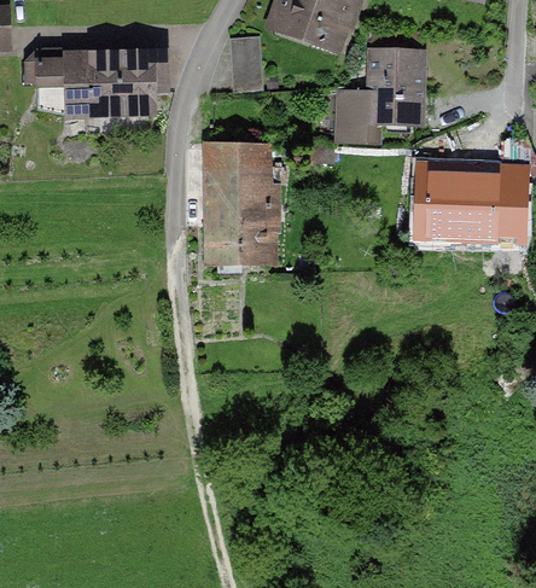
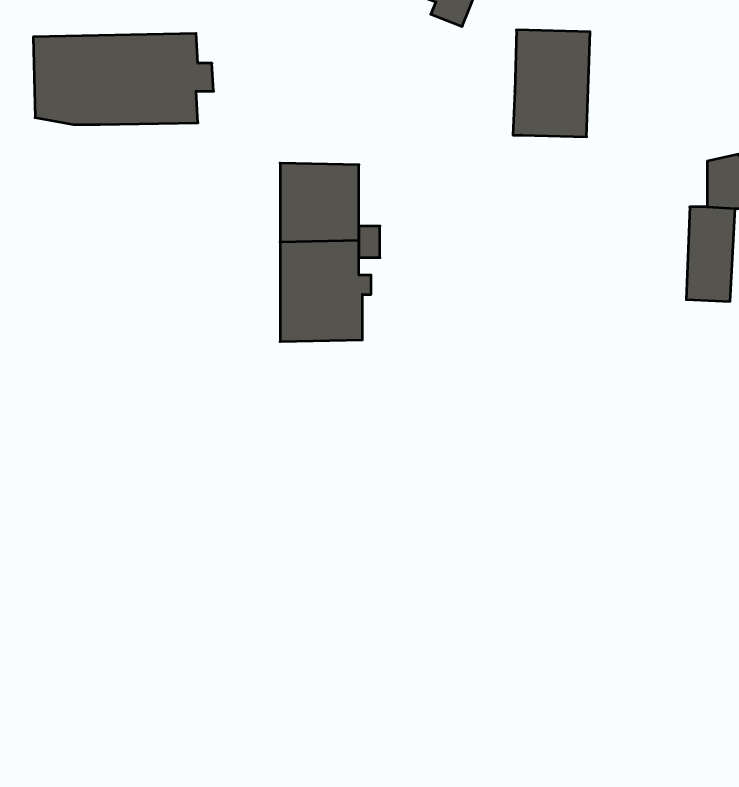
building: [229,35,263,92] -> none
building: [338,92,375,139] -> none
building: [421,169,491,235] -> none

